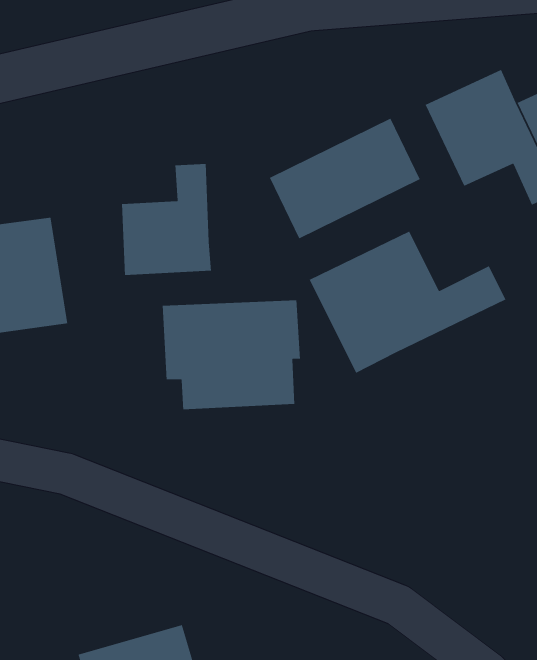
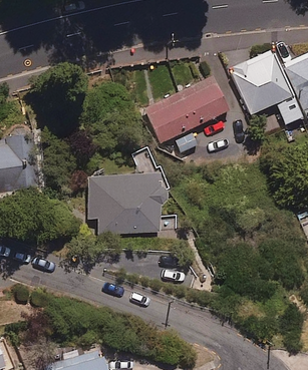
building: [121,163,212,276] -> none
building: [309,230,506,374] -> none

